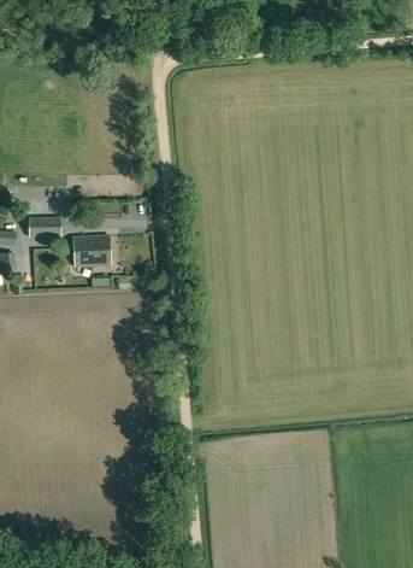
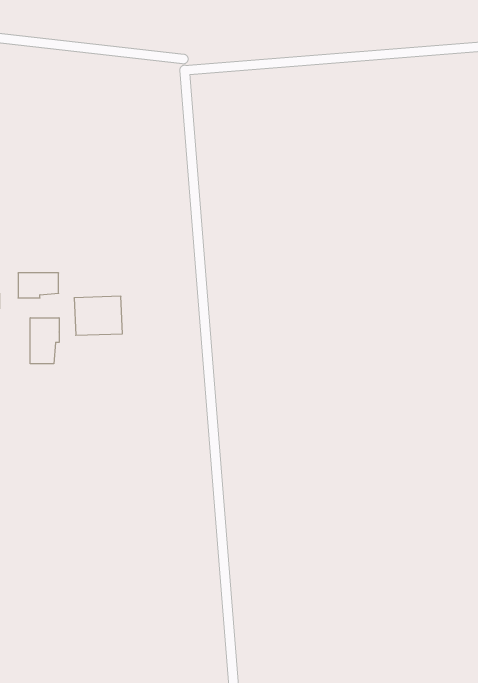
building: none -> [30,318,59,364]

